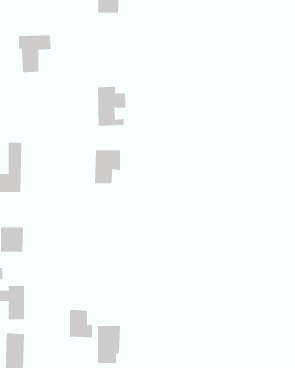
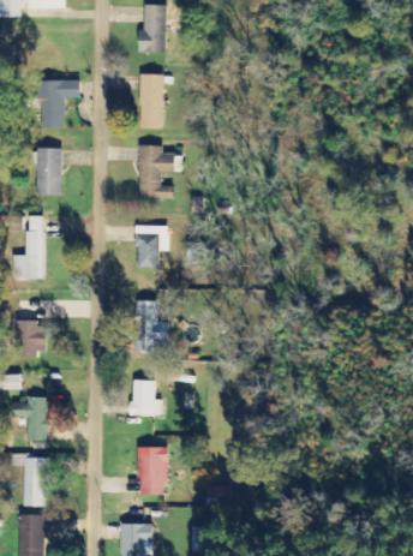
building: none -> [139,73,163,127]
building: none -> [35,147,61,193]
building: none -> [133,299,168,351]
building: [69,309,93,338] -> [131,379,161,415]

